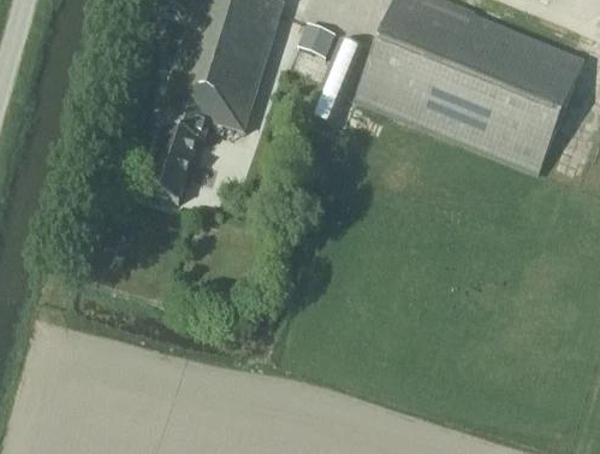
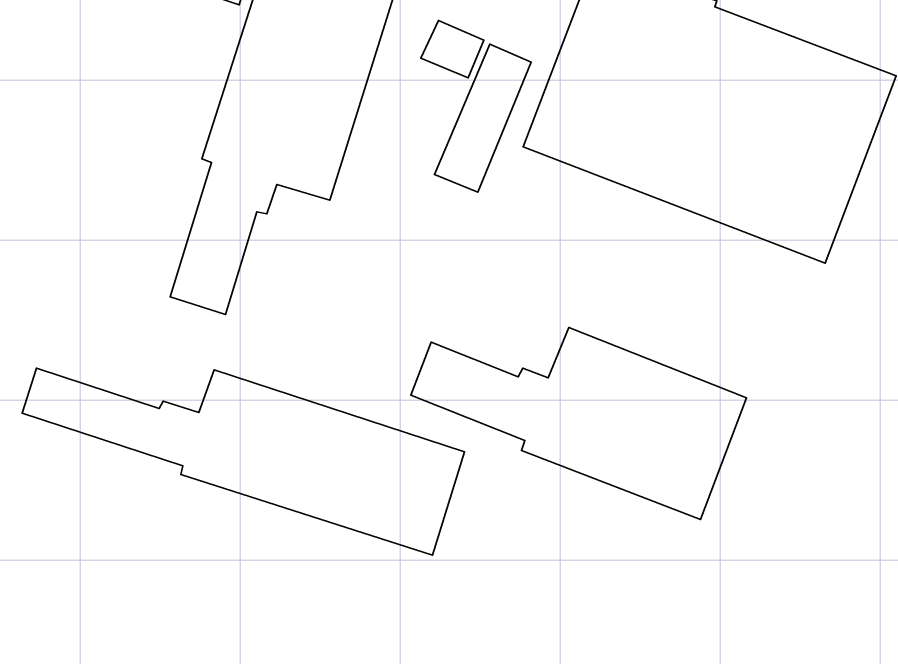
building: none -> [411,327,747,519]
building: none -> [22,368,465,555]

